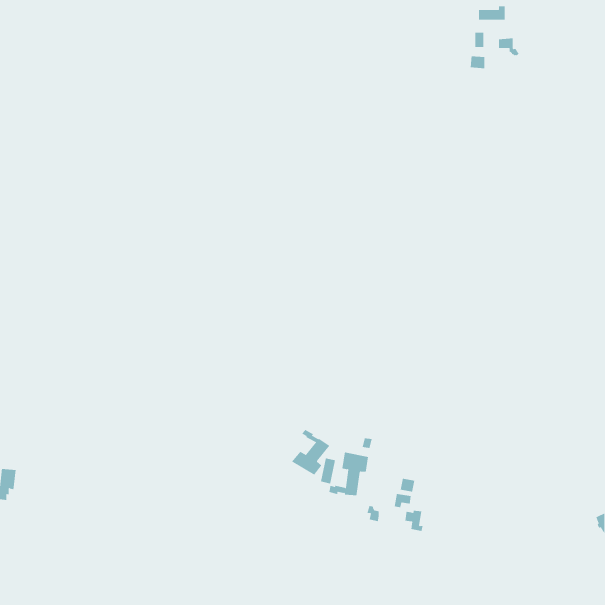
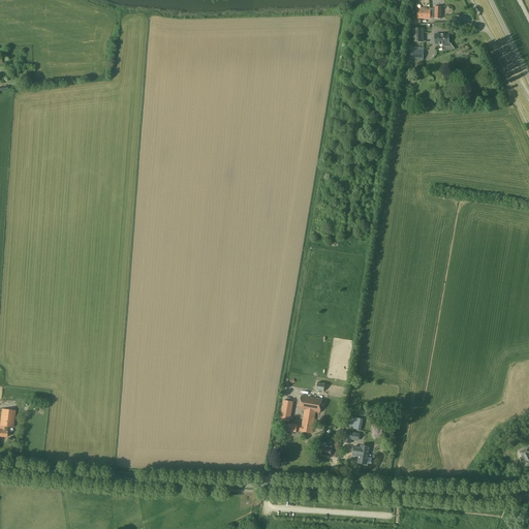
building: [291,429,330,475] -> none

